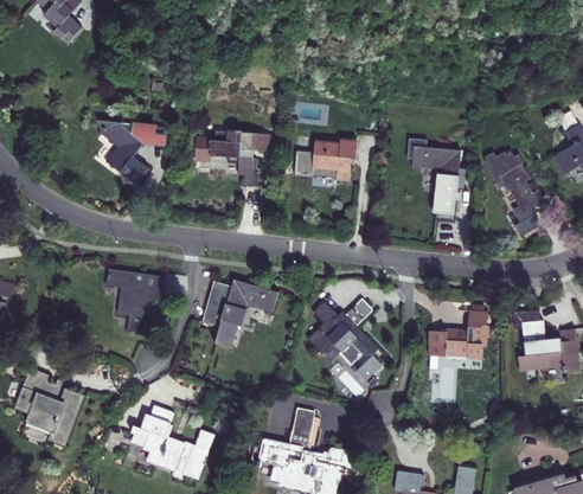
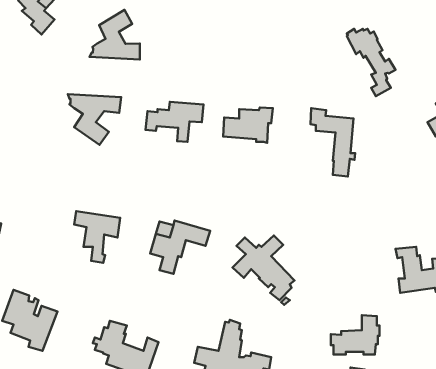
building: none -> [90,10,140,60]
building: [483,150,545,236] -> [347,29,395,96]
building: [428,307,489,357] -> [331,315,380,355]

